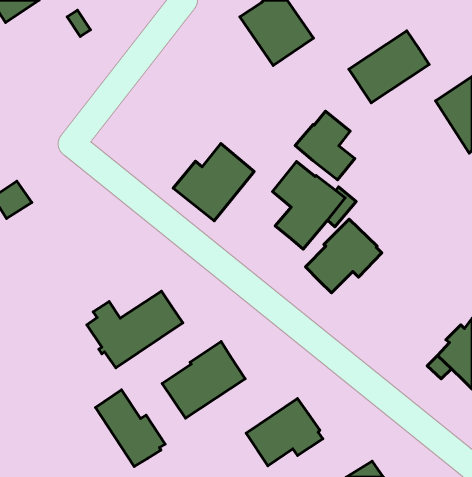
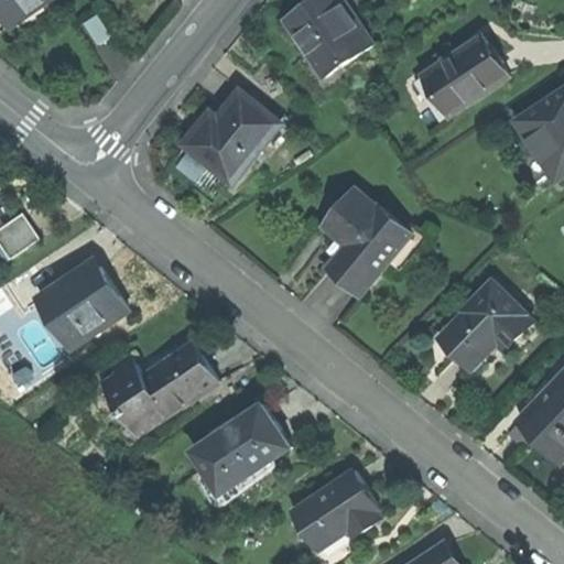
building: [295,111,355,180] -> none
building: [173,143,254,221] -> [183,89,279,181]
building: [305,219,382,293] -> [438,281,529,368]
building: none -> [33,260,122,347]
building: [95,390,165,466] -> none

